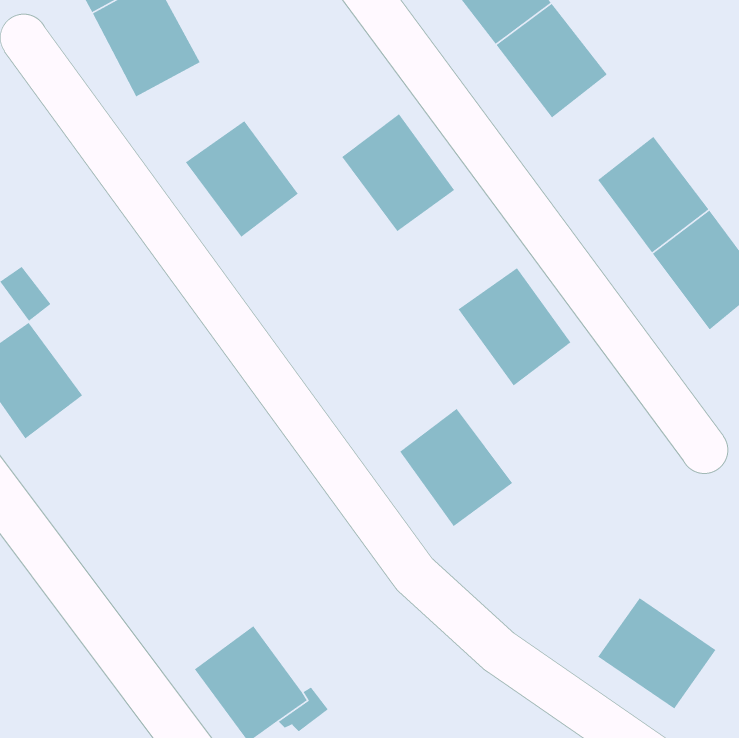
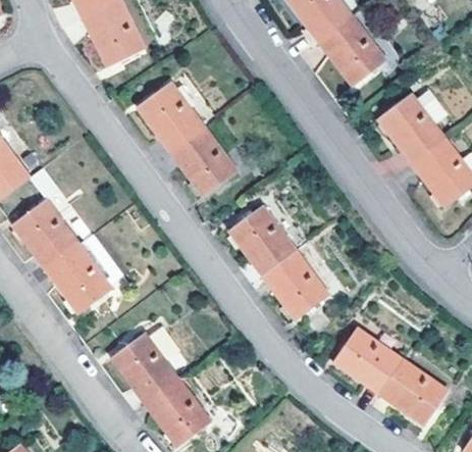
building: [341,113,455,232] -> [170,125,237,195]
building: [458,267,572,386] -> [229,206,296,275]
building: none -> [45,243,111,312]
building: none -> [332,329,402,395]
building: none -> [111,332,177,402]

